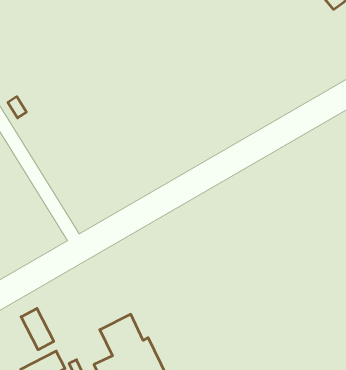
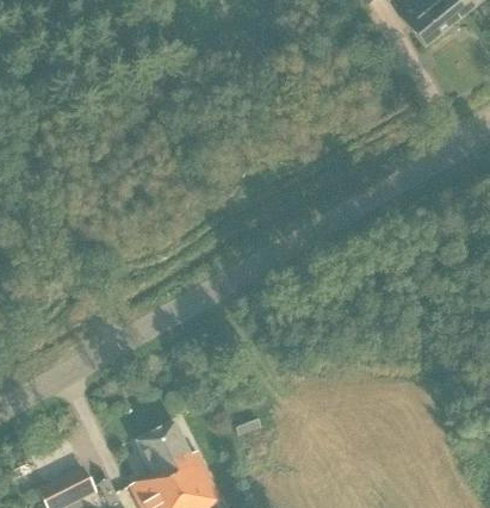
building: [21,308,54,350] -> none

